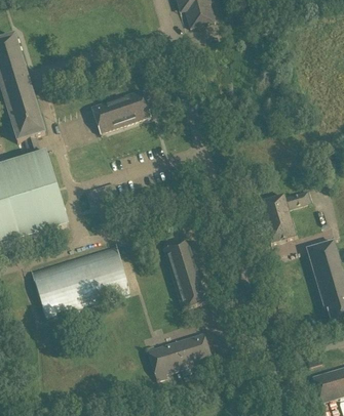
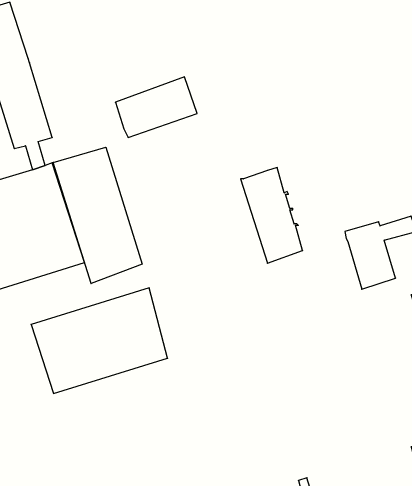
building: none -> [53,147,142,284]
building: [163,240,208,309] -> [241,168,303,263]
building: [148,333,212,380] -> none

